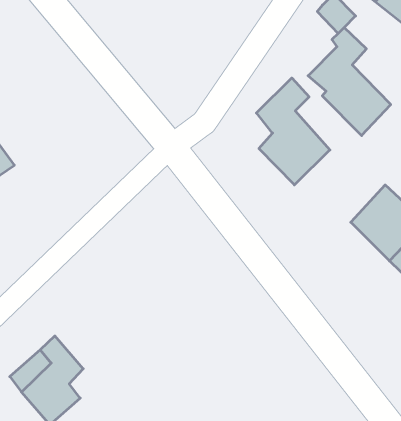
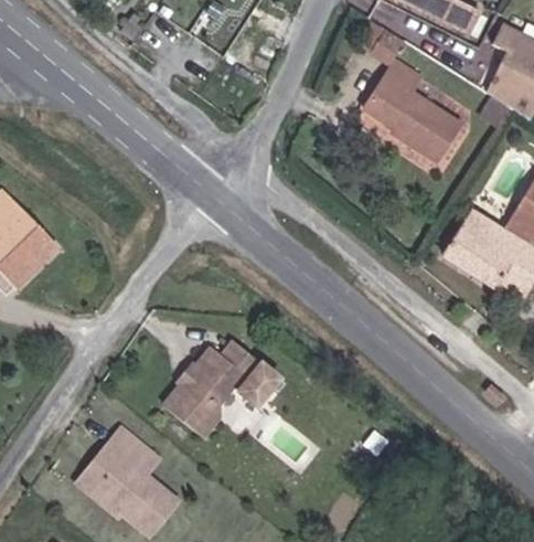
building: [256,78,330,185] -> none
building: none -> [173,346,286,455]

